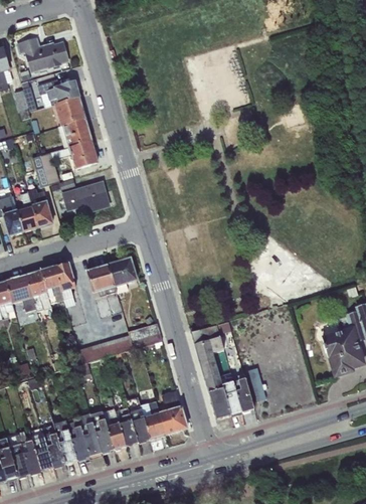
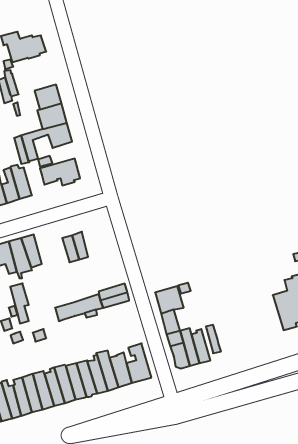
building: [37,78,79,108] -> none
building: [109,258,137,294] -> none
building: [54,263,75,308] -> [10,283,29,324]

